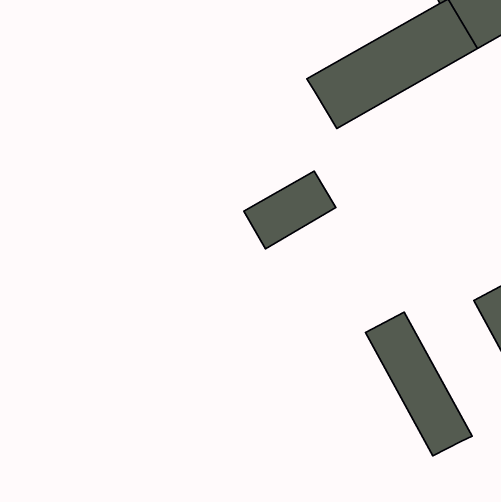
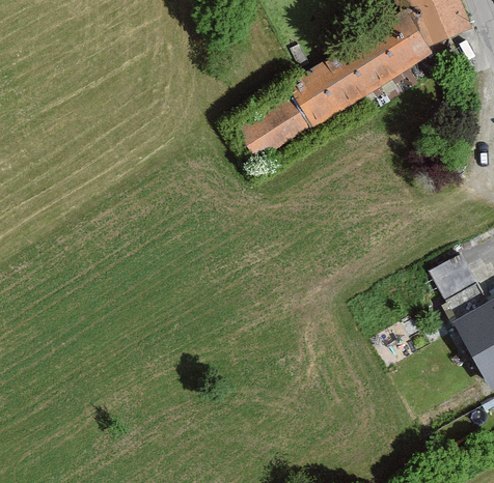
building: [244,171,336,249] -> [234,94,312,161]
building: [366,312,472,456] -> none

